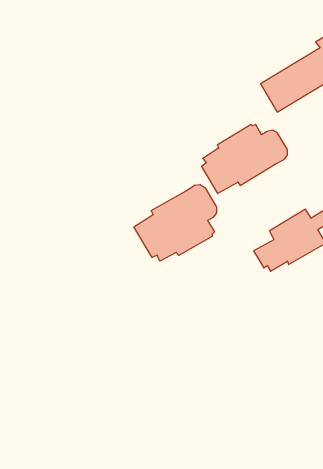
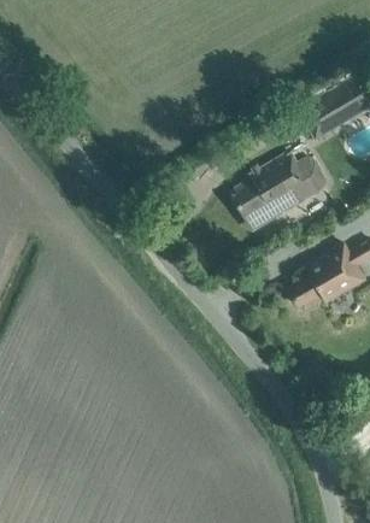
building: [134,185,217,261] -> none

